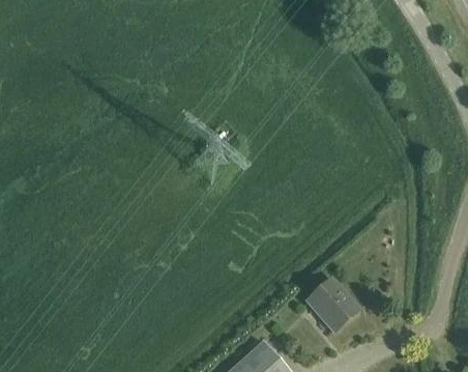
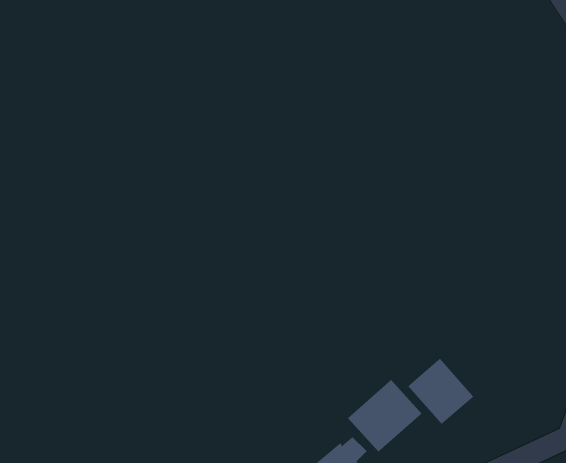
building: none -> [347,379,423,453]

